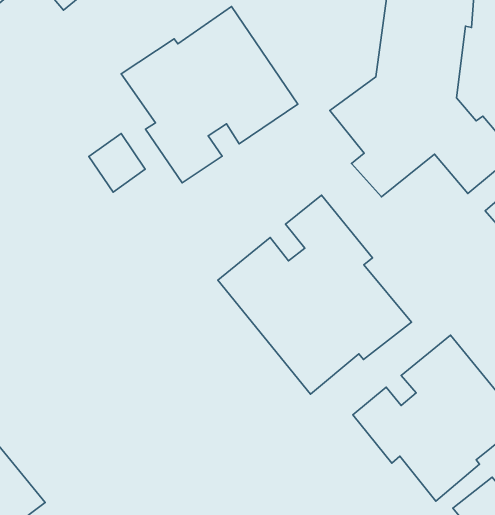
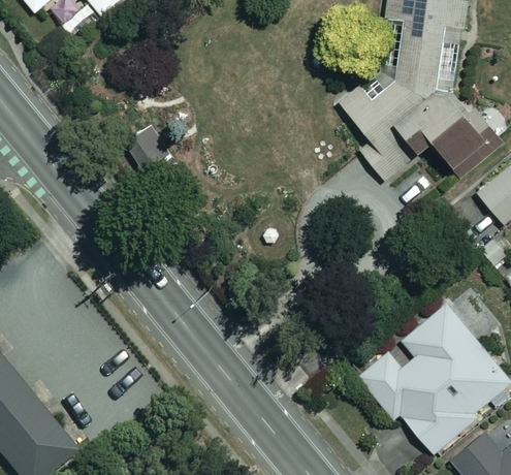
building: [121,7,298,183] -> none
building: [218,195,411,394] -> none

